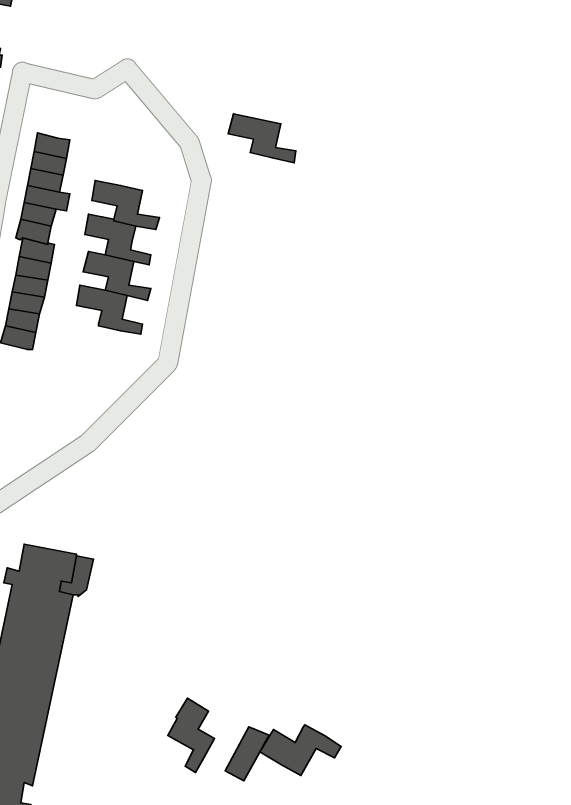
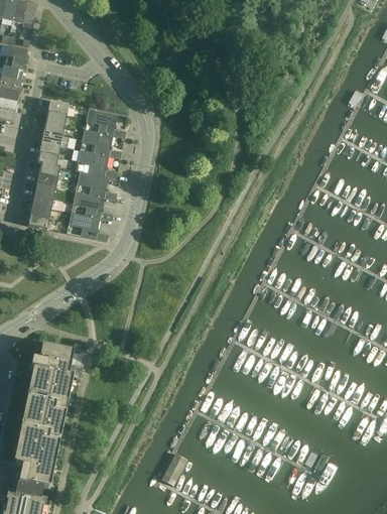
building: [228,114,296,163] -> [85,107,125,136]
building: none -> [68,210,108,240]
building: [168,698,214,772] -> none
building: [260,725,341,776] -> none

